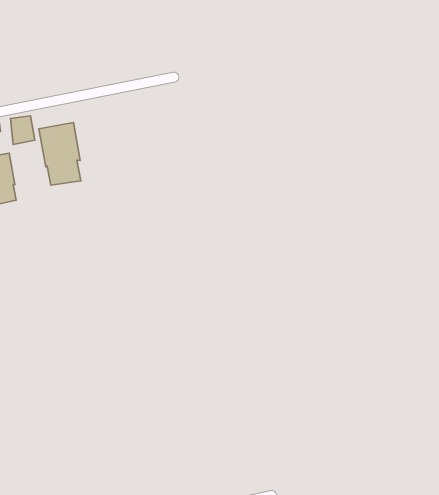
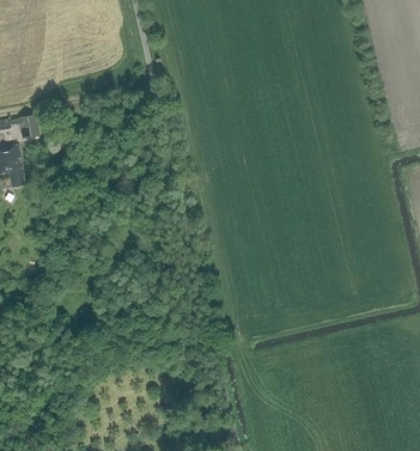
building: [39,123,81,185] -> none

